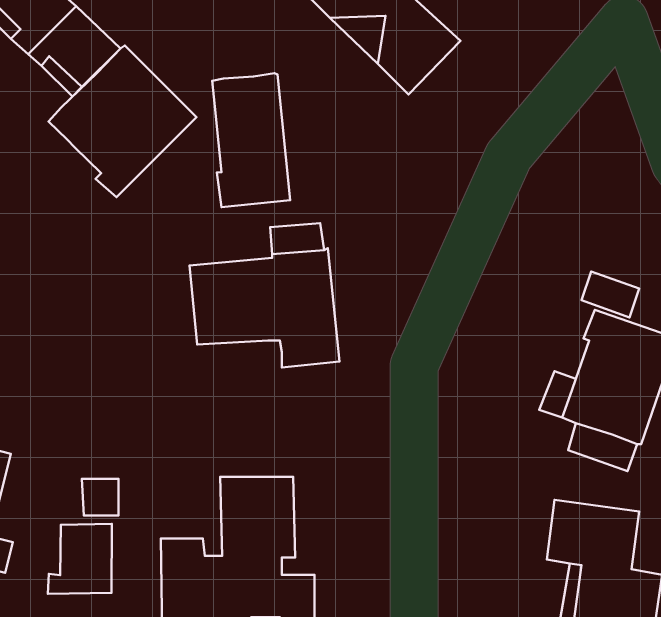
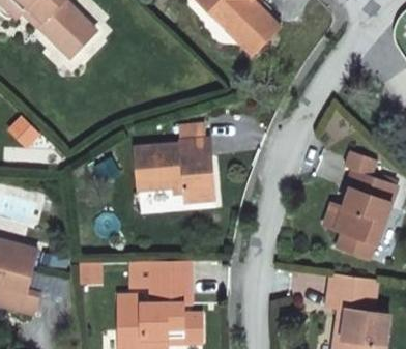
building: [49,46,196,197] -> none
building: [212,73,290,207] -> none
building: [48,524,112,594] -> none

